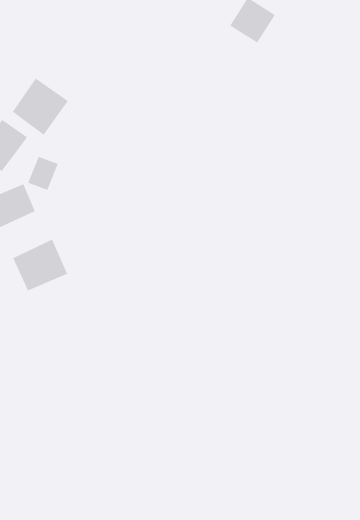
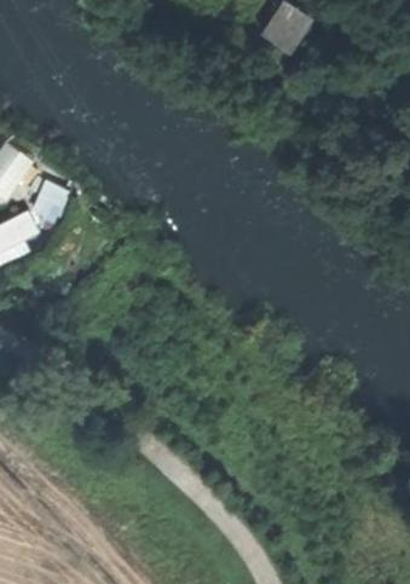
building: [12,78,69,136] -> none
building: [12,238,68,292] -> none

